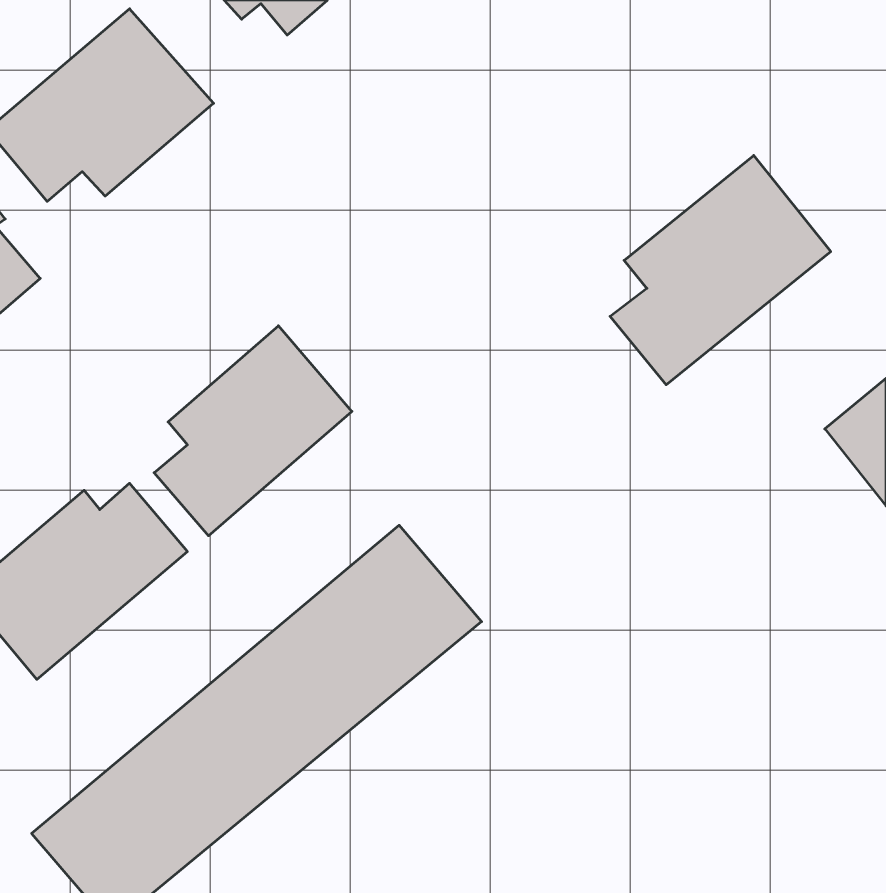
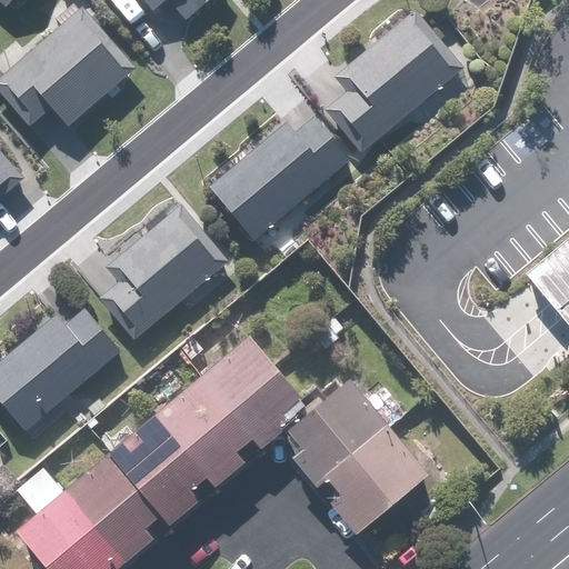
building: [610,155,831,385] -> [323,8,463,153]
building: none -> [208,118,348,239]
building: none -> [292,379,432,536]

